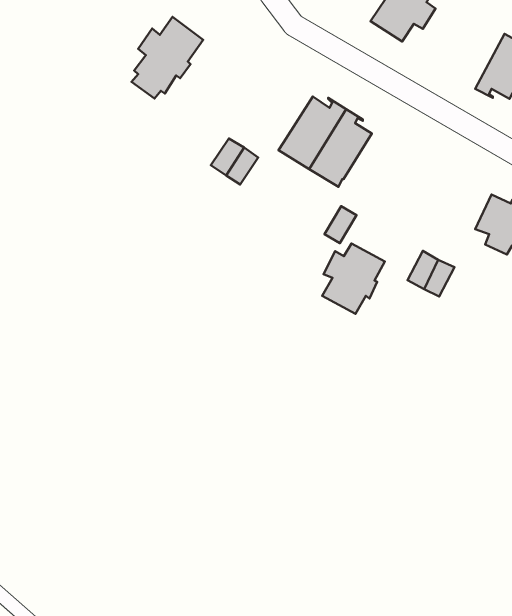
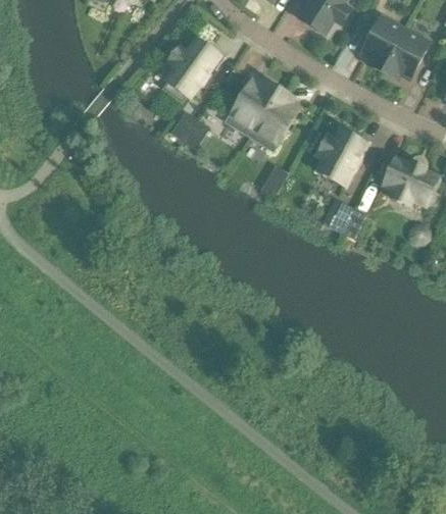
building: [132,17,203,99] -> [162,36,219,101]
building: none -> [359,14,405,71]
building: [322,244,385,314] -> [316,127,366,184]

